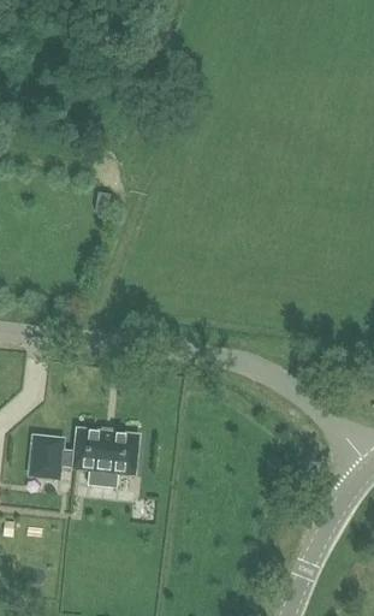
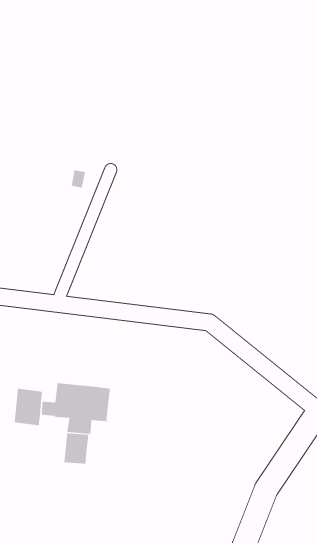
building: none -> [64,433,89,464]

